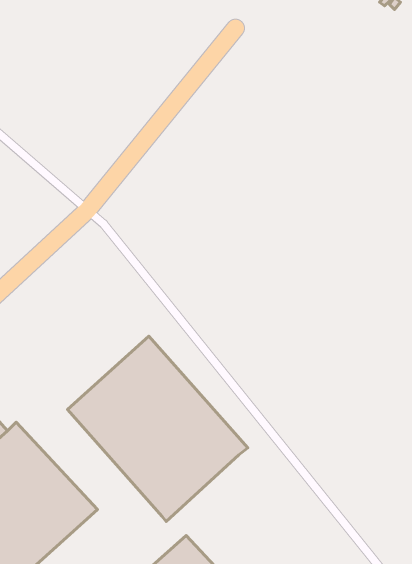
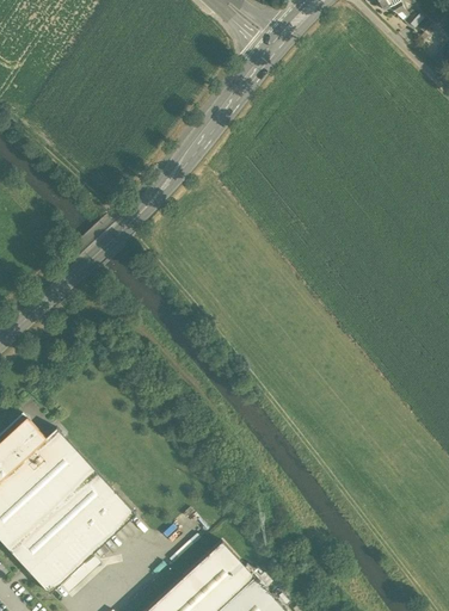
building: [67,336,248,521] -> none

